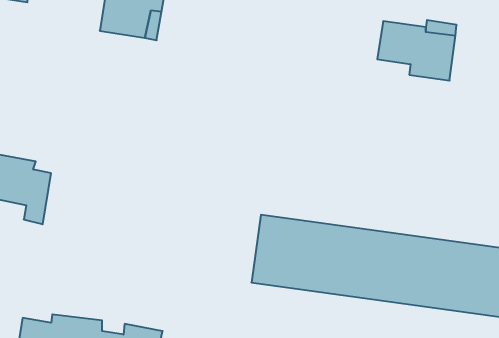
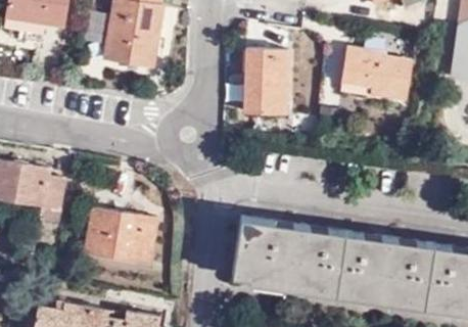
building: none -> [244,50,288,115]
building: none -> [85,208,156,264]

